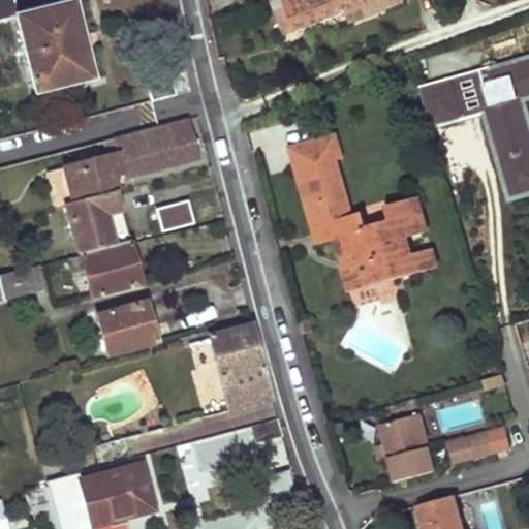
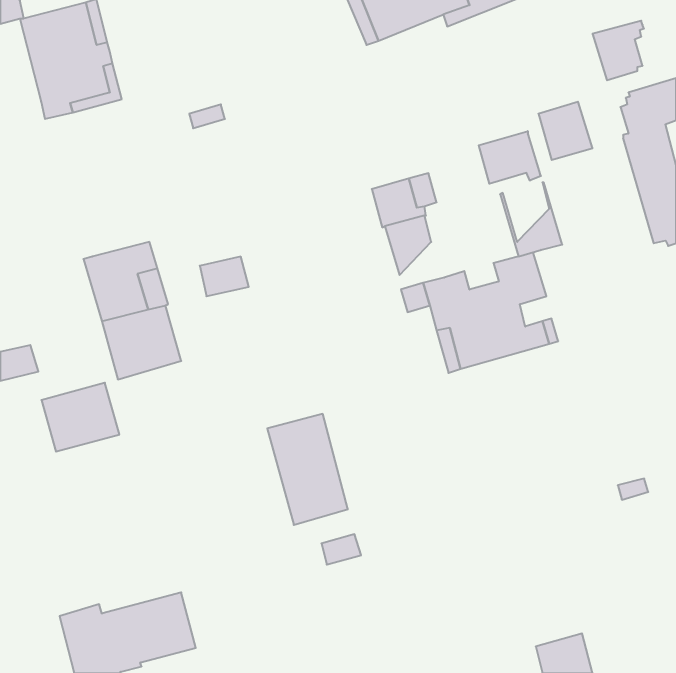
building: [452,69,492,116] -> [592,21,644,80]
building: none -> [479,131,541,184]
building: [64,118,199,200] -> none
building: [299,168,347,226] -> [500,182,562,256]
building: [96,301,157,354] -> [41,383,119,452]
building: [379,413,436,483] -> none
building: [448,431,495,464] -> none

